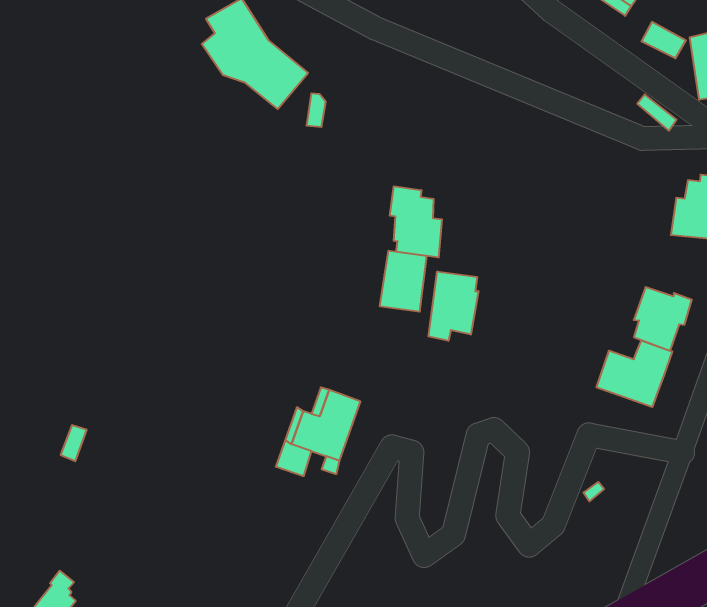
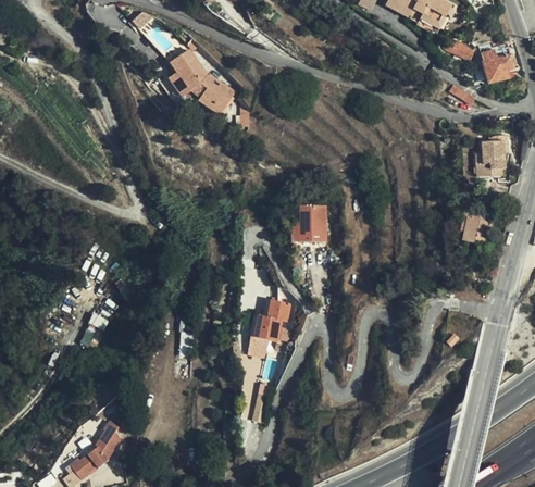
building: [390,186,442,258] -> none
building: [428,271,478,341] -> none
building: [597,341,672,407] -> none

